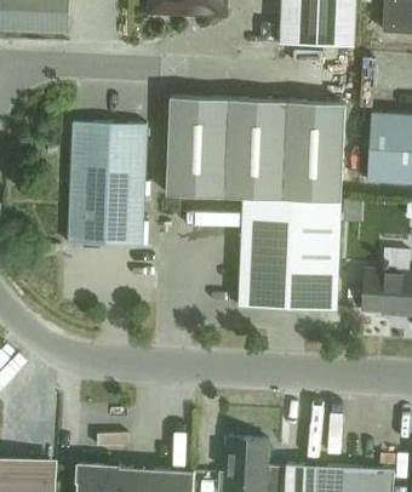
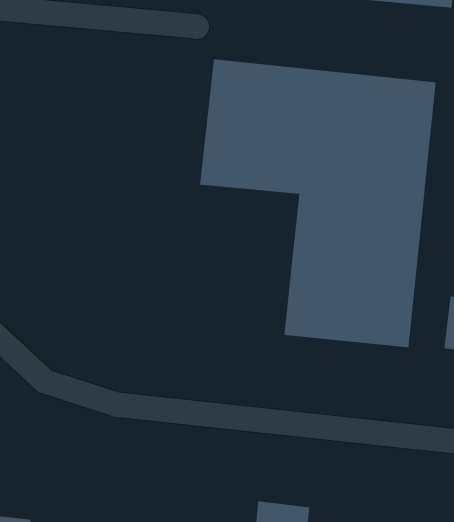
building: [68,122,147,247] -> none

